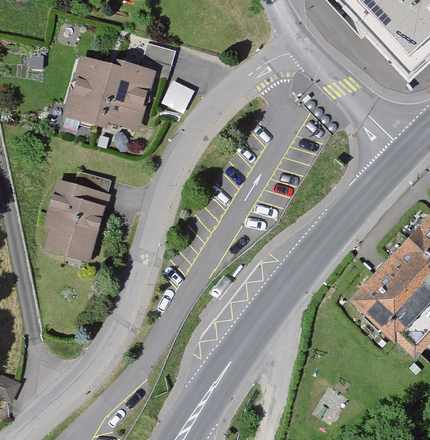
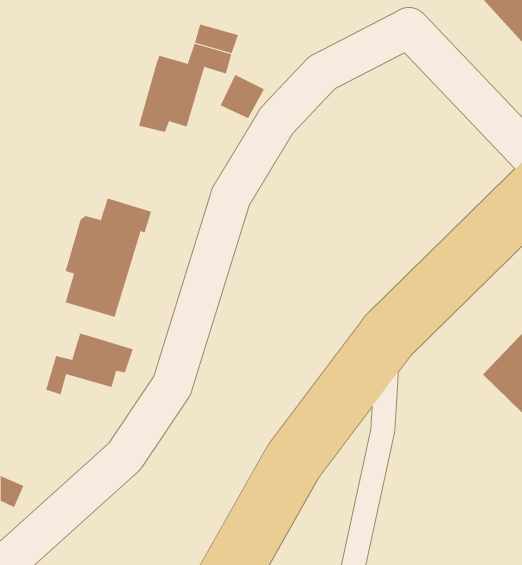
building: [64,56,115,123] -> none
building: none -> [45,333,133,395]

